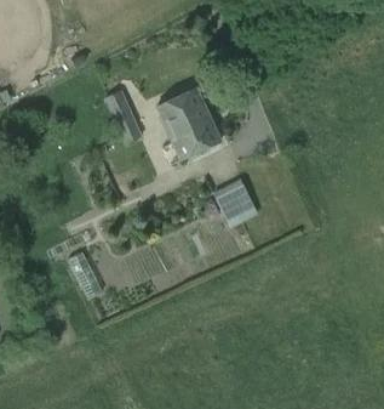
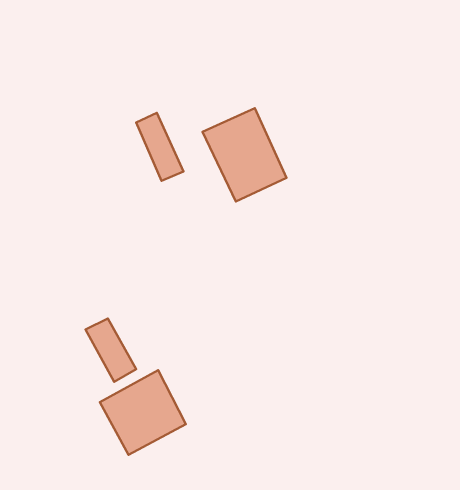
building: [214,178,258,226] -> none
building: none -> [100,370,186,455]

